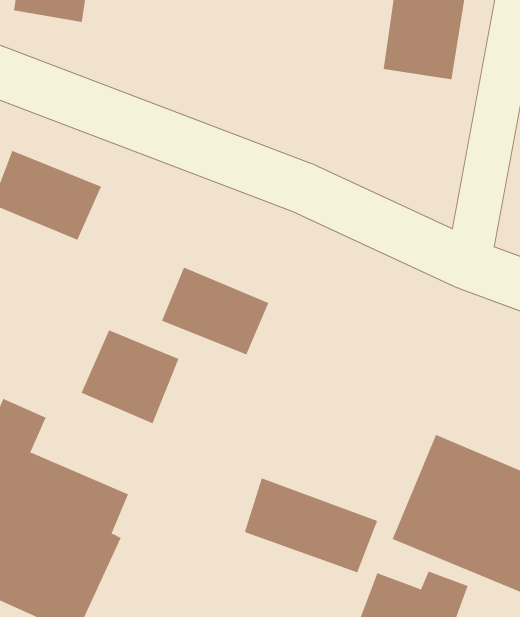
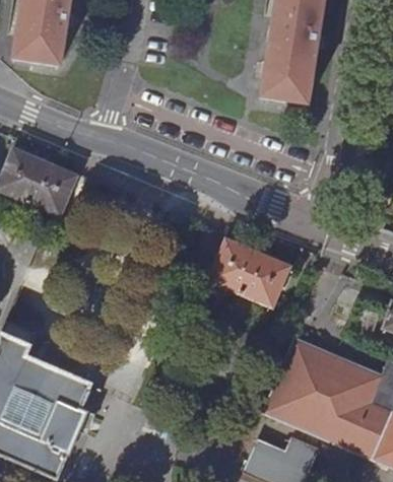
building: [161,267,269,355] -> [213,243,286,302]
building: [81,330,179,424] -> none
building: [244,478,378,573] -> none

